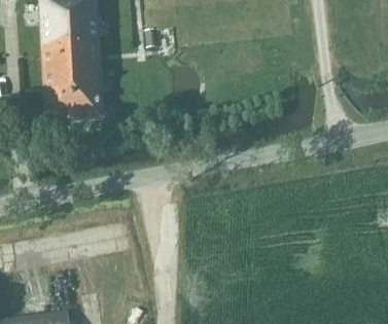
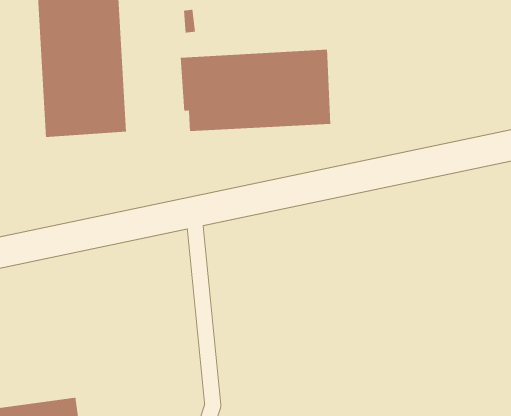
building: none -> [180,49,331,132]

